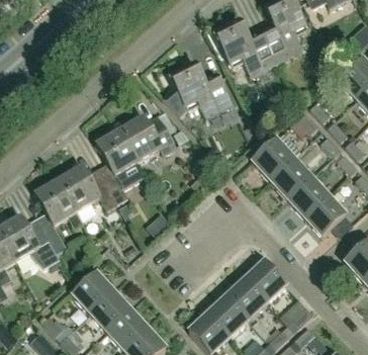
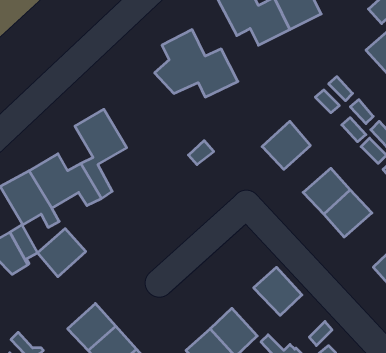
building: [120,114,176,160] -> none
building: [271,158,310,197] -> none
building: [73,271,113,312] -> [37,229,86,277]
building: [227,277,268,318] -> none

